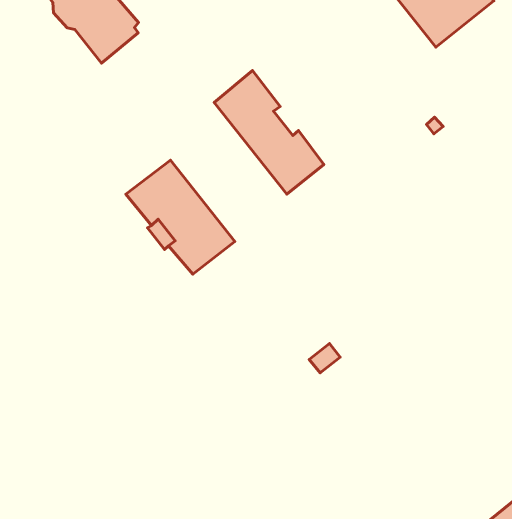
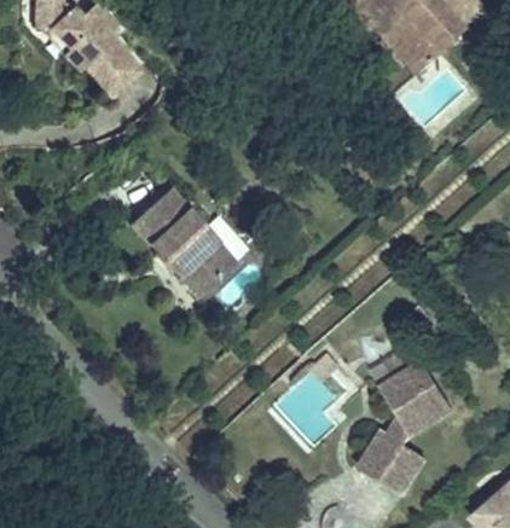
building: [214,71,324,194] -> none
building: none -> [358,364,451,494]

